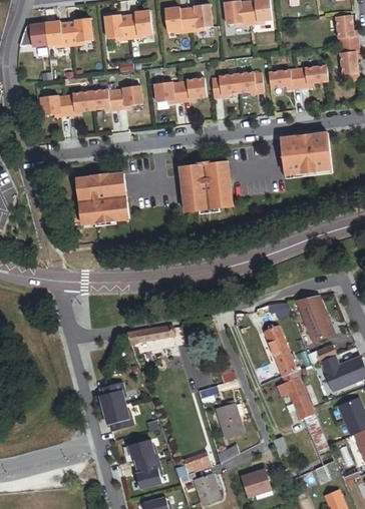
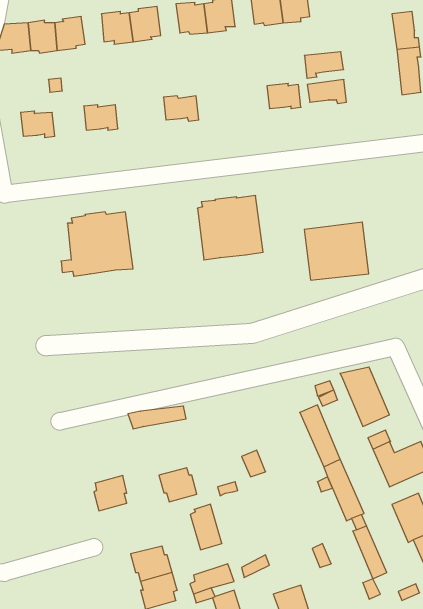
building: [298,65,329,86] -> [304,52,344,78]
building: [212,73,239,96] -> none
building: [180,76,207,100] -> none
building: [116,84,143,107] -> none
building: [66,89,93,113] -> none
building: [282,131,333,177] -> [304,222,369,280]
building: [216,401,241,437] -> [190,504,222,550]
building: [103,405,133,432] -> [159,468,197,502]

